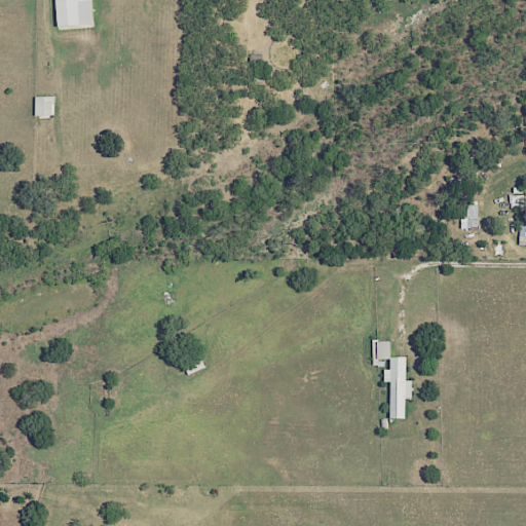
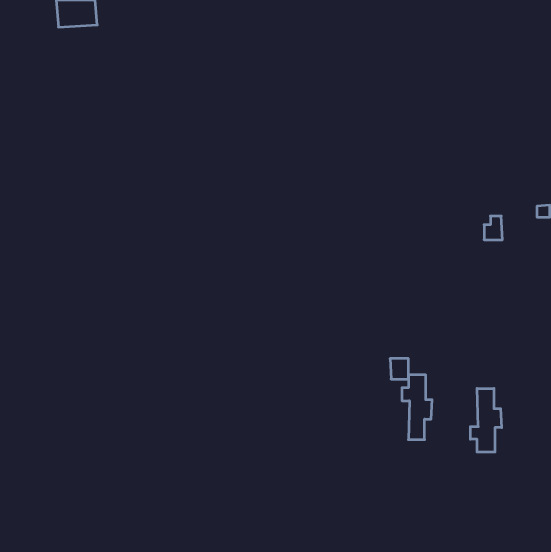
building: [35,97,54,116] -> none
building: none -> [470,388,502,452]

